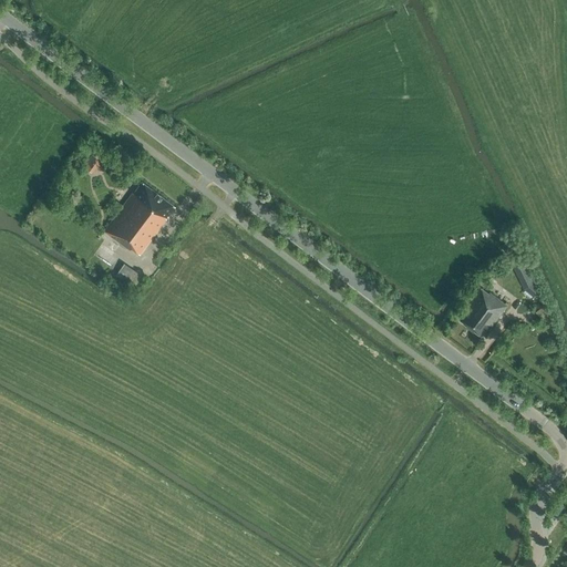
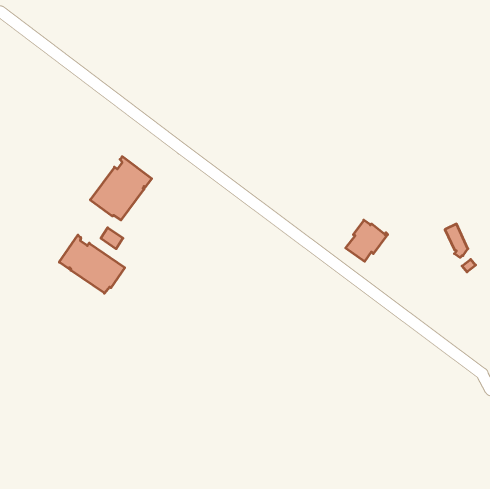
building: none -> [59,235,125,293]
building: [461,289,509,337] -> [346,220,388,261]

